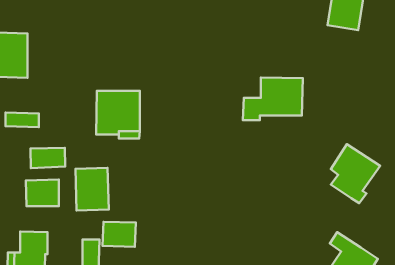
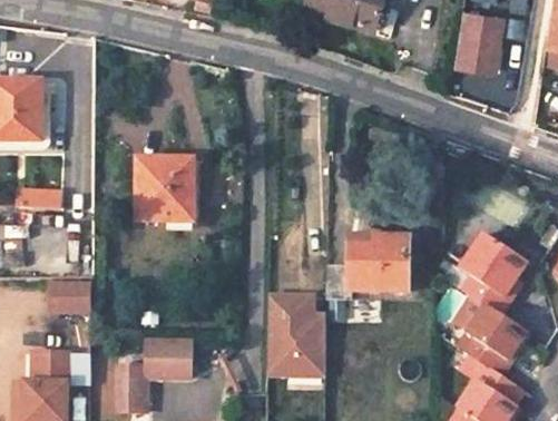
building: [243,77,303,120] -> [326,239,409,298]
building: [30,148,65,168] -> none
building: [75,168,109,211] -> none
building: none -> [267,295,326,376]
building: none -> [463,306,528,374]

